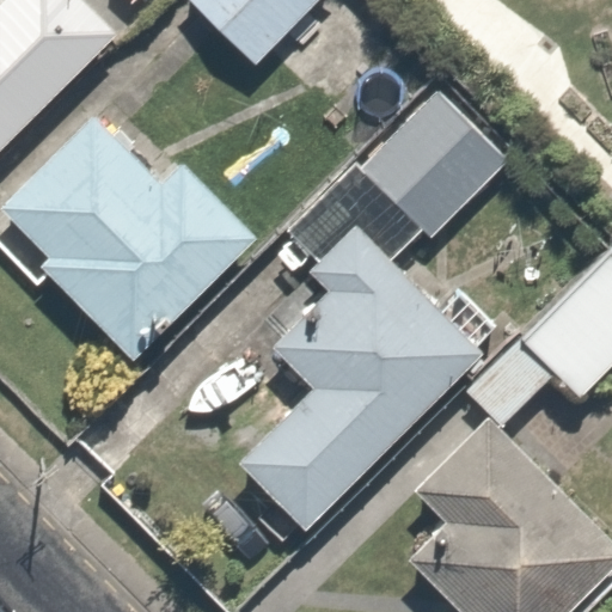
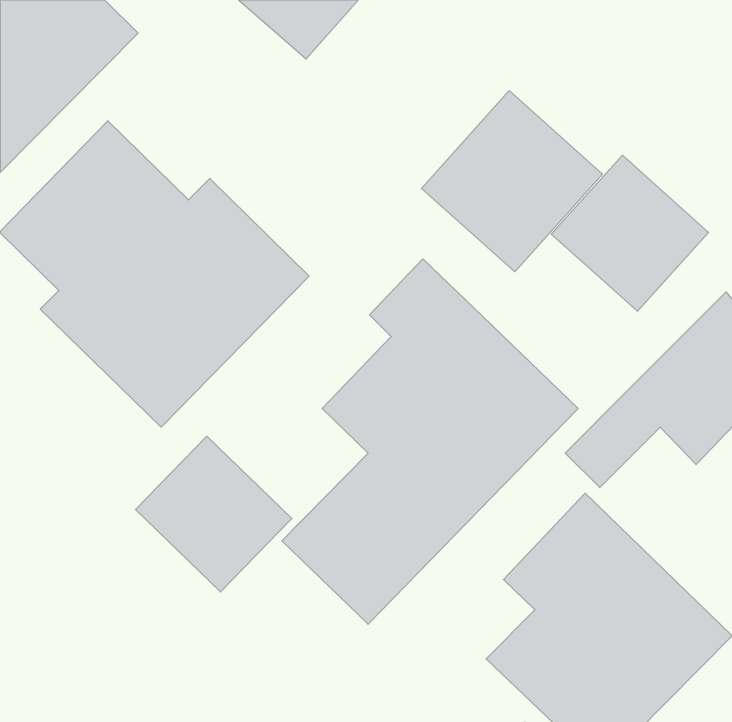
building: none -> [551,155,708,311]
building: none -> [136,436,292,592]

